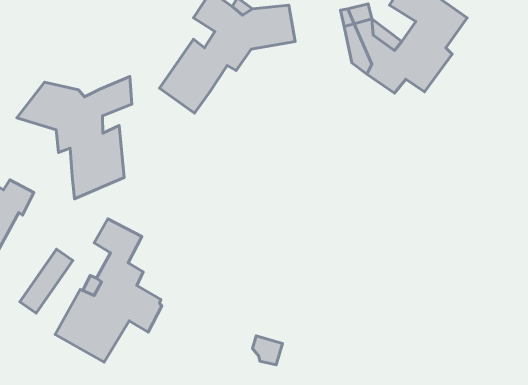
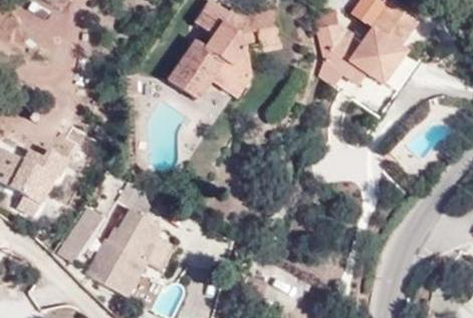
building: none -> [209,48,250,100]
building: [17,76,132,199] -> none

